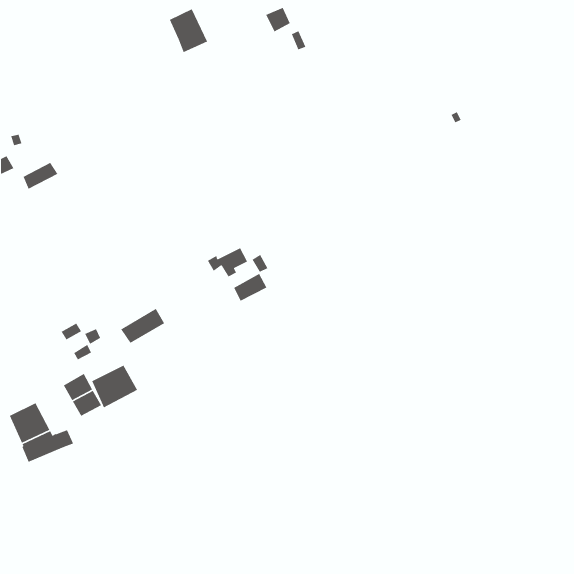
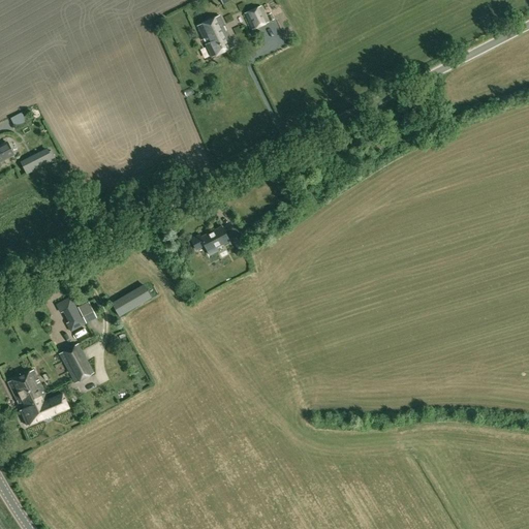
building: [169,8,208,53] -> [197,15,234,57]
building: [233,273,268,302] -> none
building: [91,364,138,408] -> none

